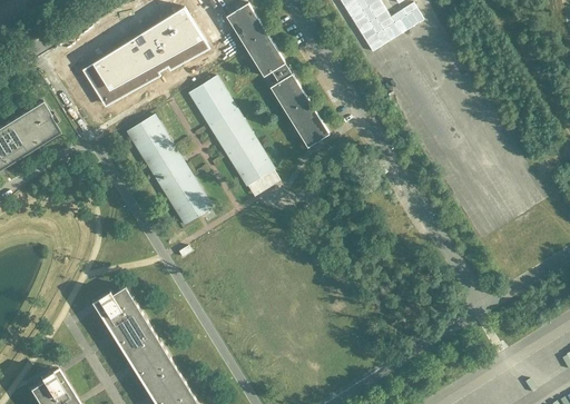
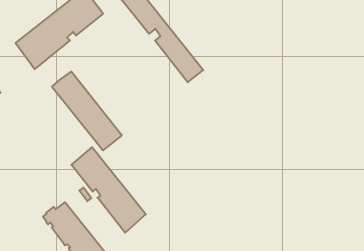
building: [189,77,281,197] -> none
building: none -> [71,147,146,233]

